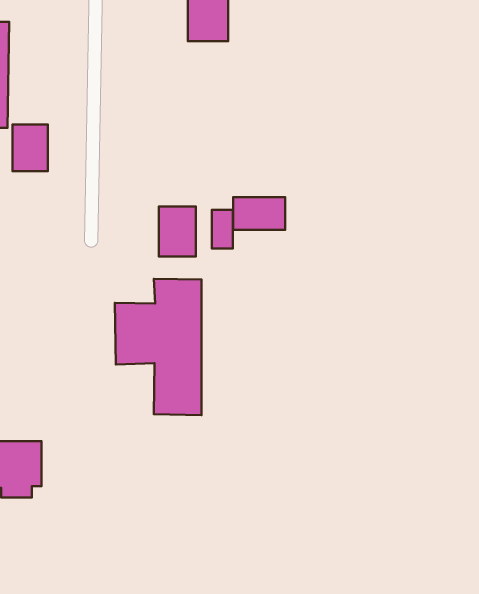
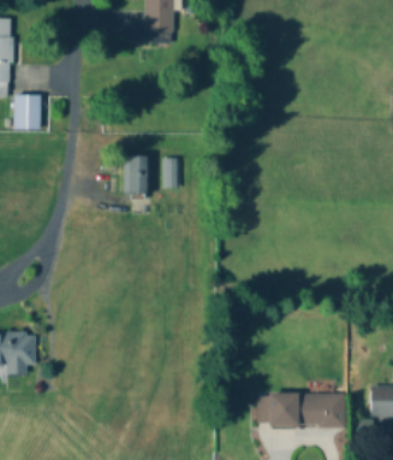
building: [233,197,285,230] -> none
building: [115,279,201,415] -> none
building: none -> [256,394,344,427]

